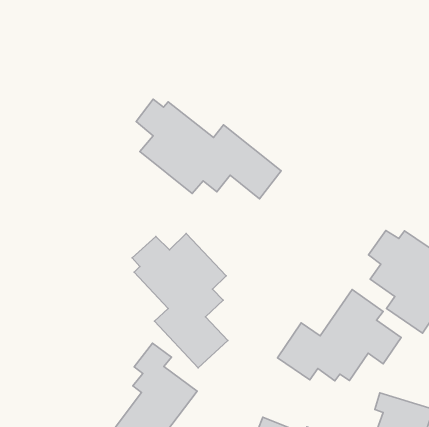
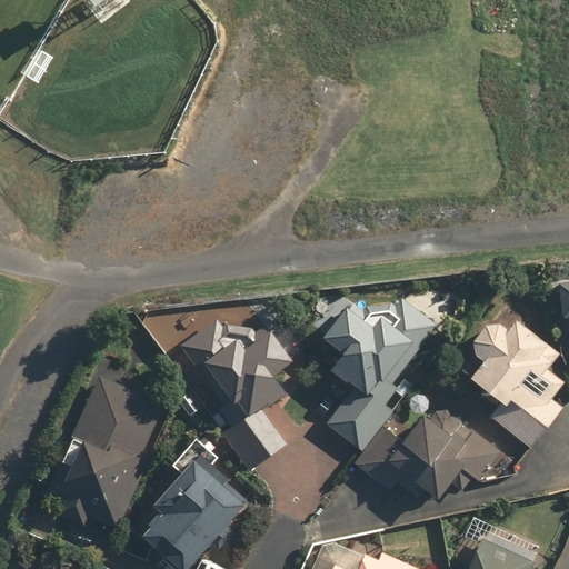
building: [136,99,281,199] -> none
building: none -> [325,287,438,449]
building: none -> [46,369,166,530]

